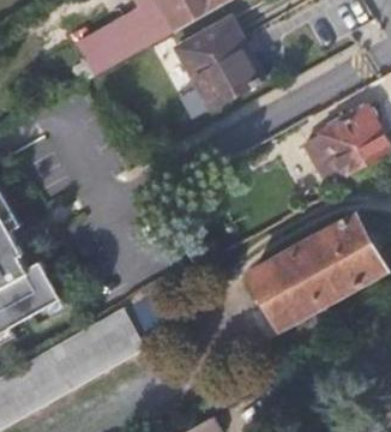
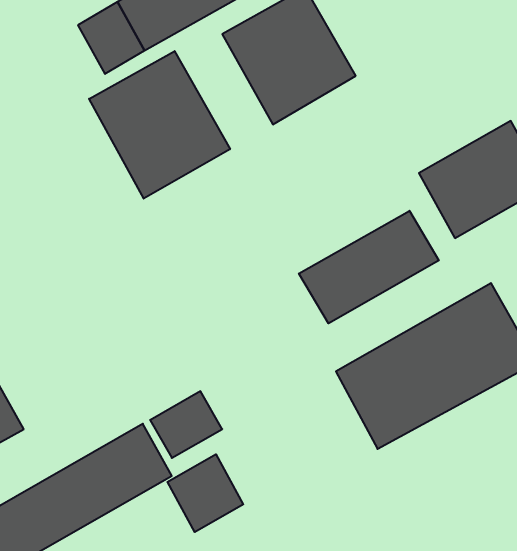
building: none -> [89,51,230,199]
building: none -> [299,211,439,323]
building: none -> [167,454,243,532]

